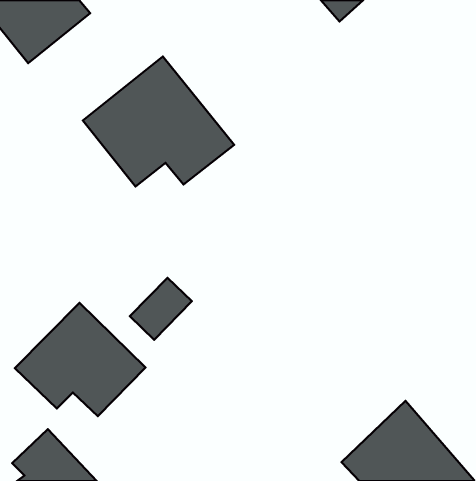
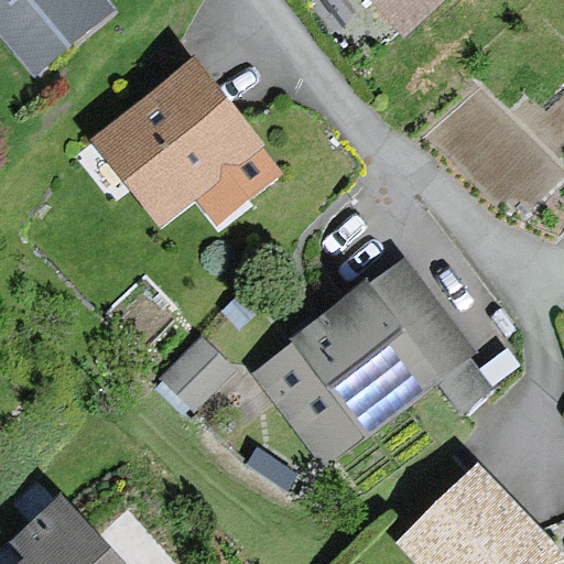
building: none -> [258,268,458,456]
building: [15,303,146,416] -> none

